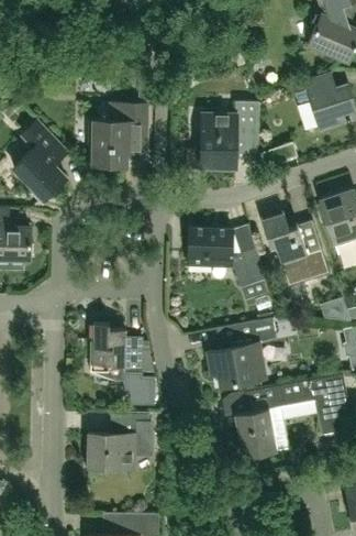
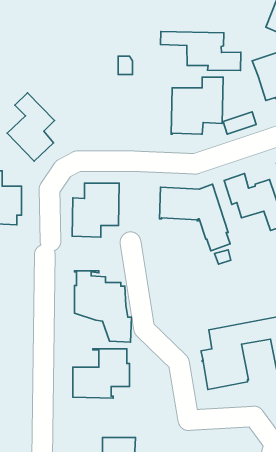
building: none -> [161,31,241,71]
building: [93,103,147,165] -> [72,183,119,237]
building: [207,318,276,386] -> none

